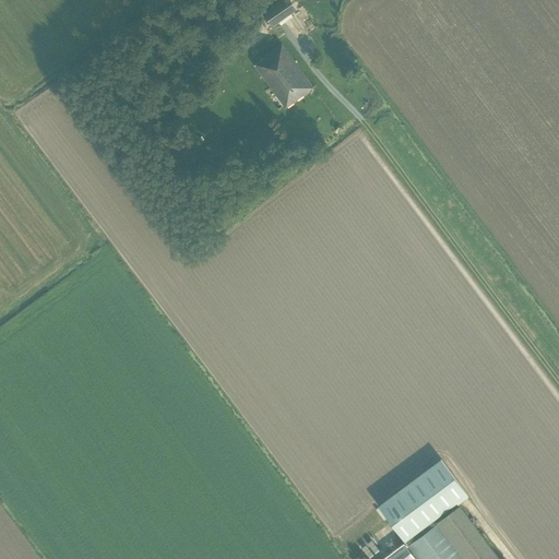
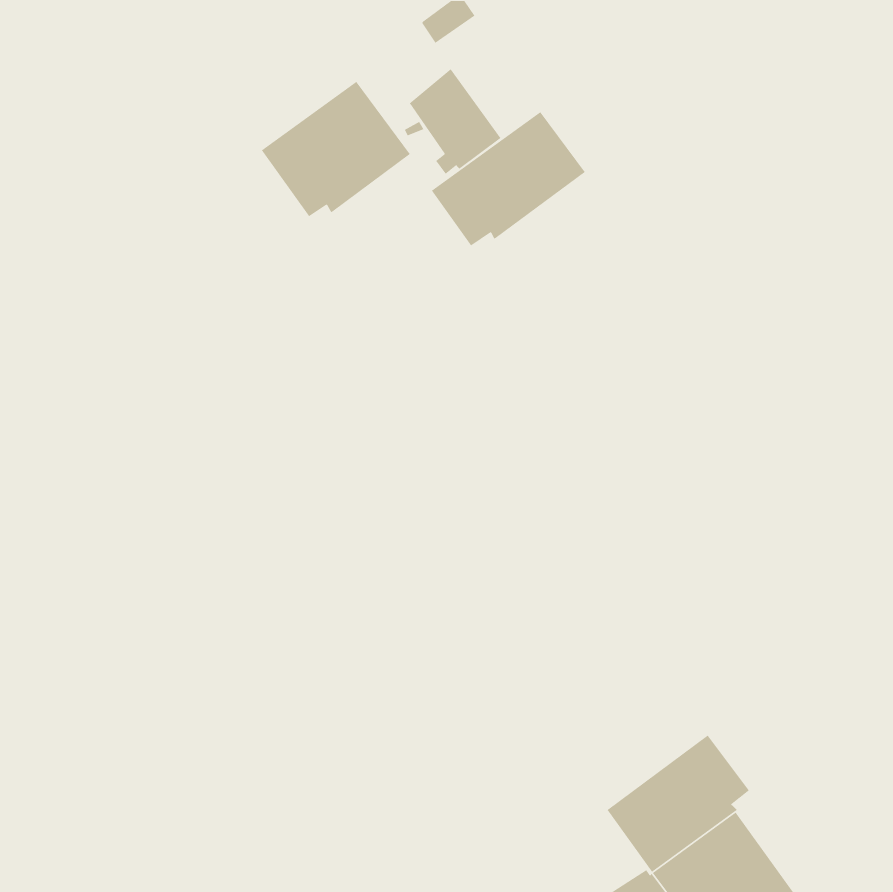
building: none -> [261,81,411,217]
building: none -> [431,111,586,247]

